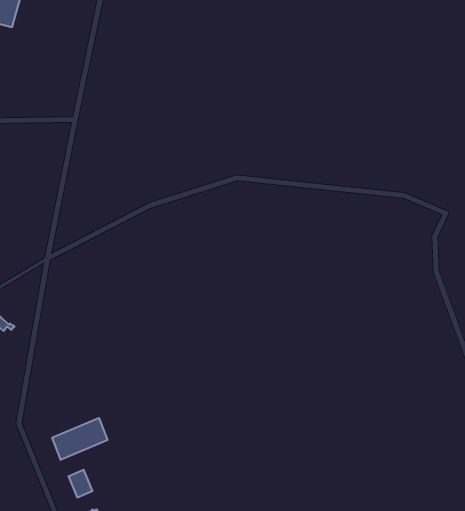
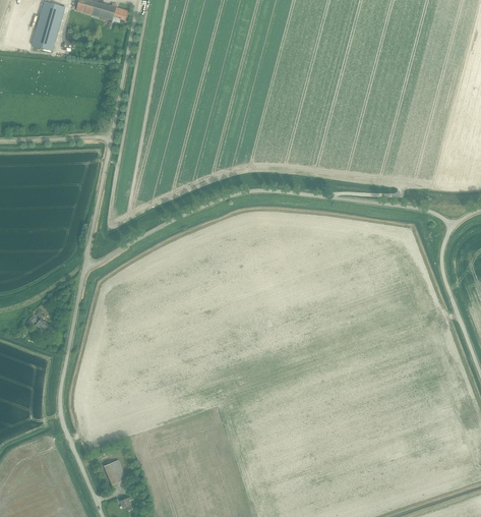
building: [52,418,108,460] -> none

